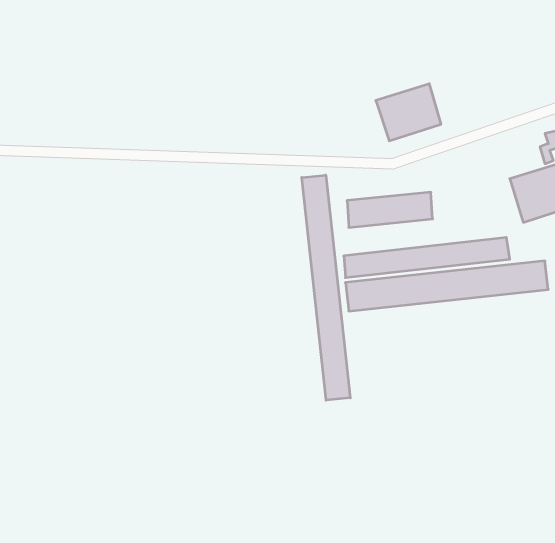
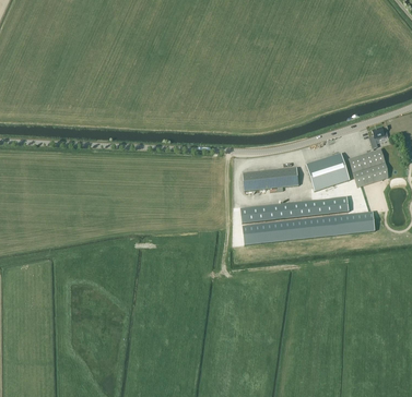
building: [376,84,441,141] -> [307,153,350,190]
building: [302,175,350,400] -> none

